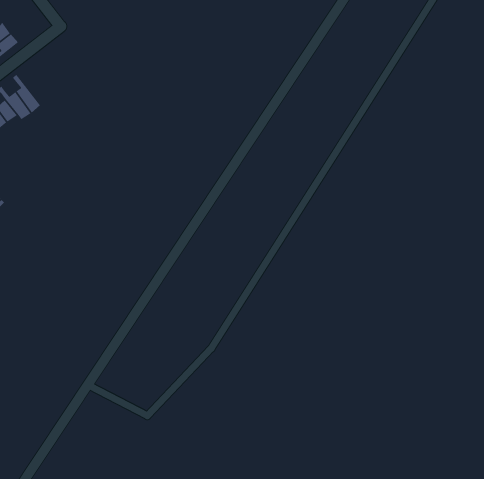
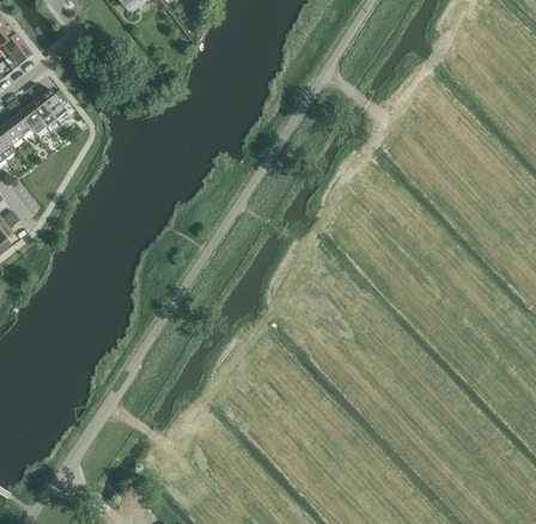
building: none -> [31,83,69,118]

